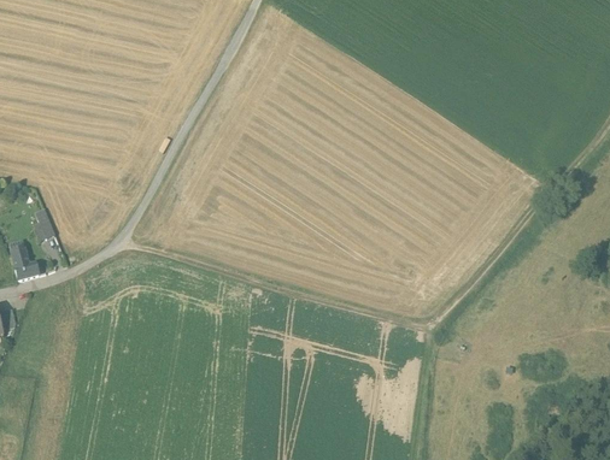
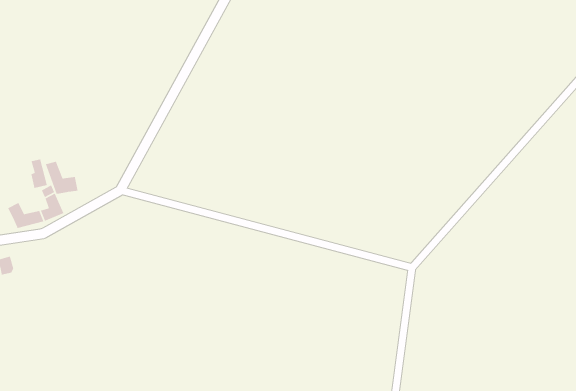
building: none -> [45,161,78,195]

